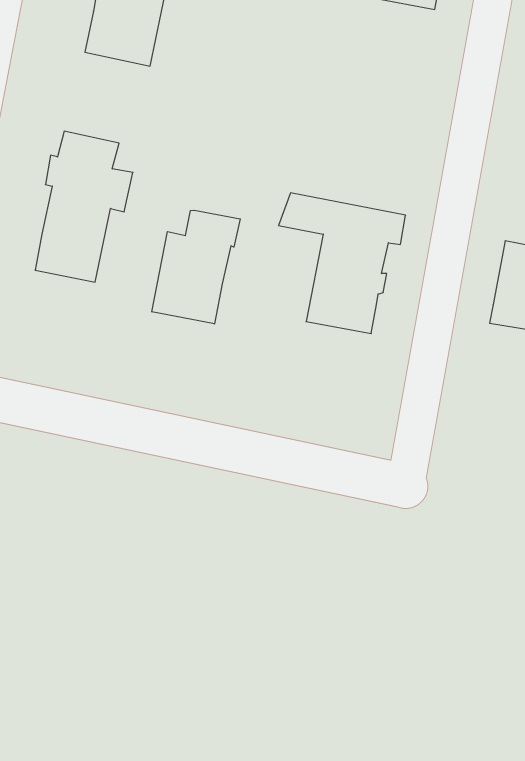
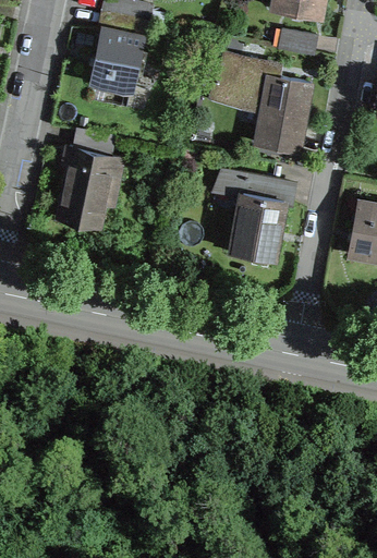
building: none -> [210,57,312,155]
building: [152,210,240,324] -> none

